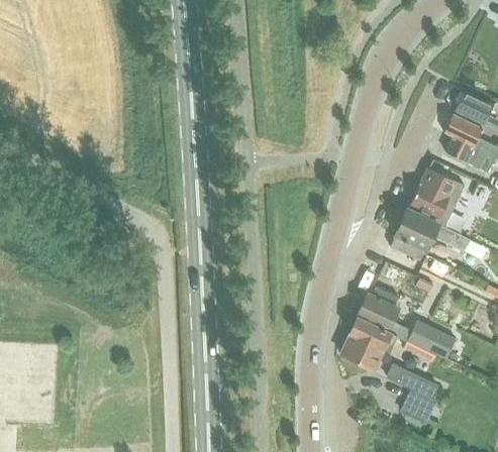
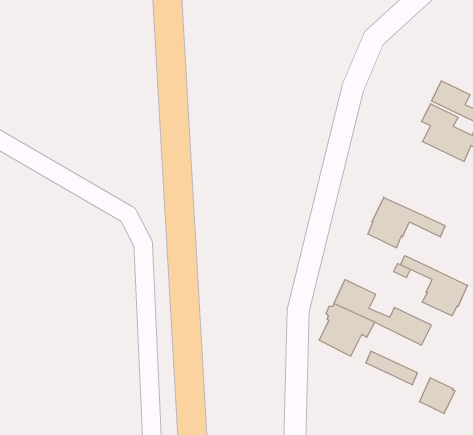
building: [407,167,464,223] -> none
building: none -> [400,256,468,316]
building: [401,388,437,425] -> [419,378,455,414]

